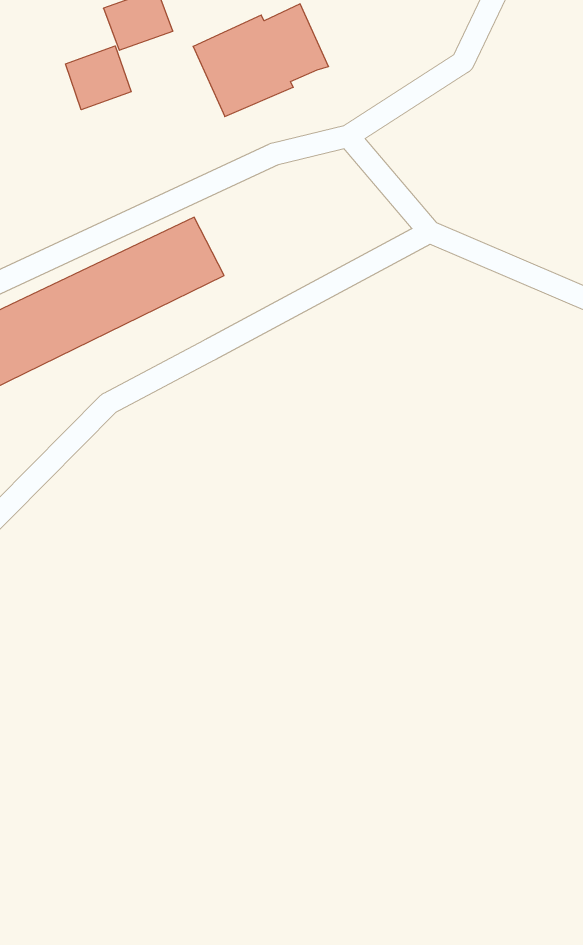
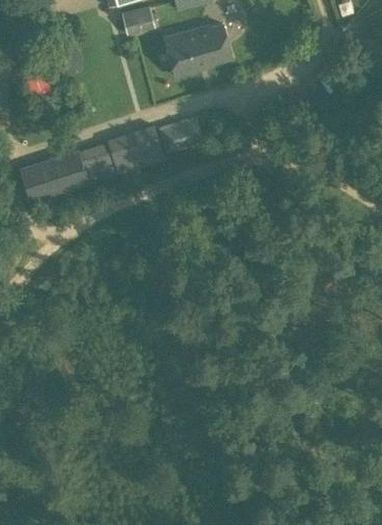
building: [65,46,131,110] -> none
building: none -> [160,117,204,154]

